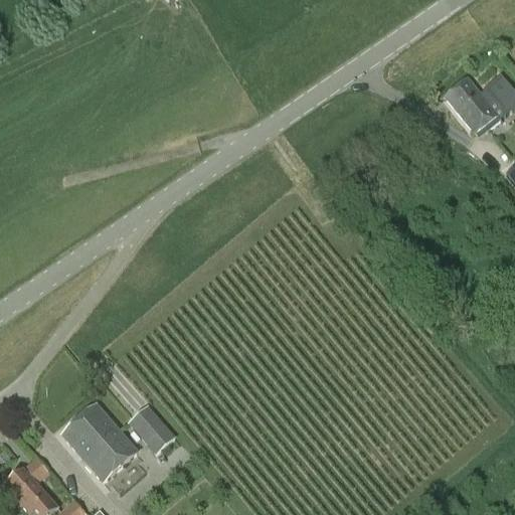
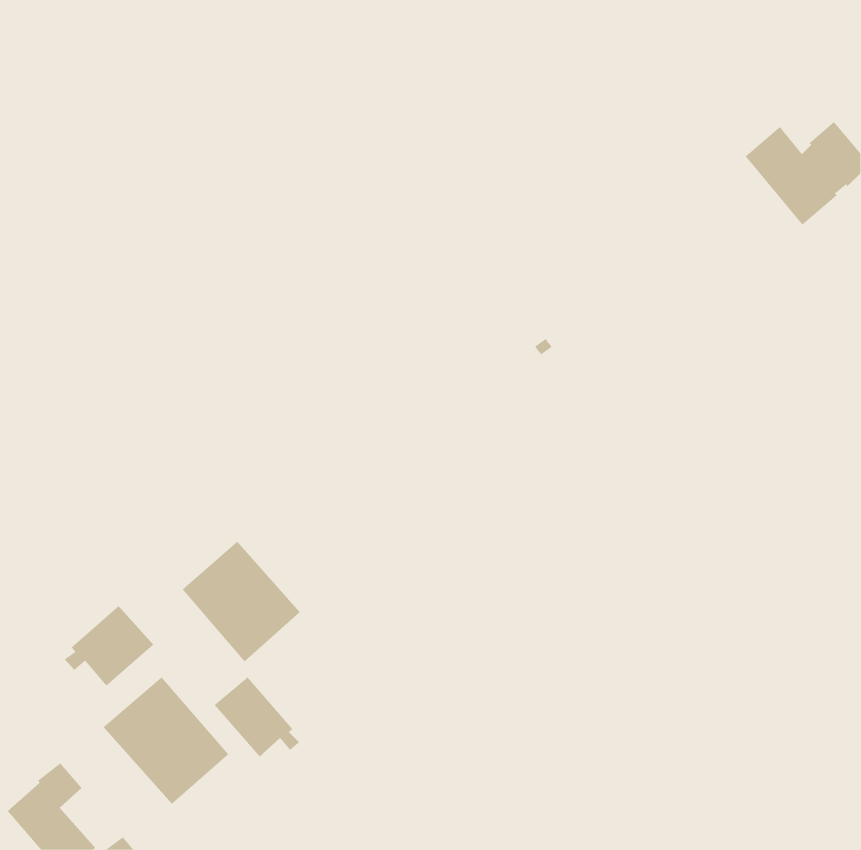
building: none -> [182,541,300,662]
building: none -> [64,605,154,687]

